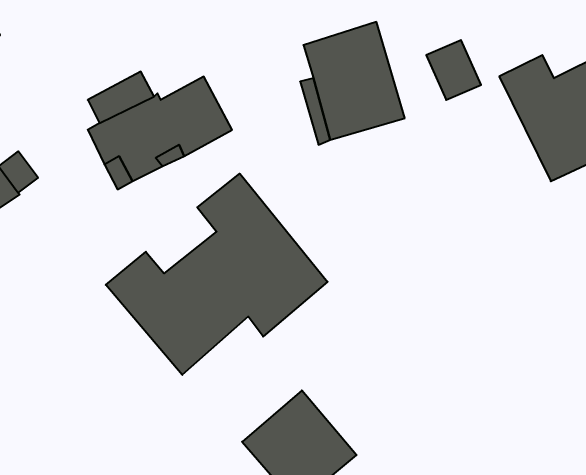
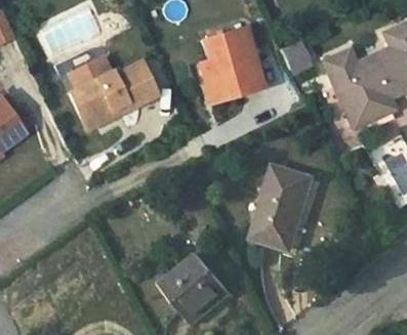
building: [106,174,328,375] -> none
building: none -> [254,171,311,251]

